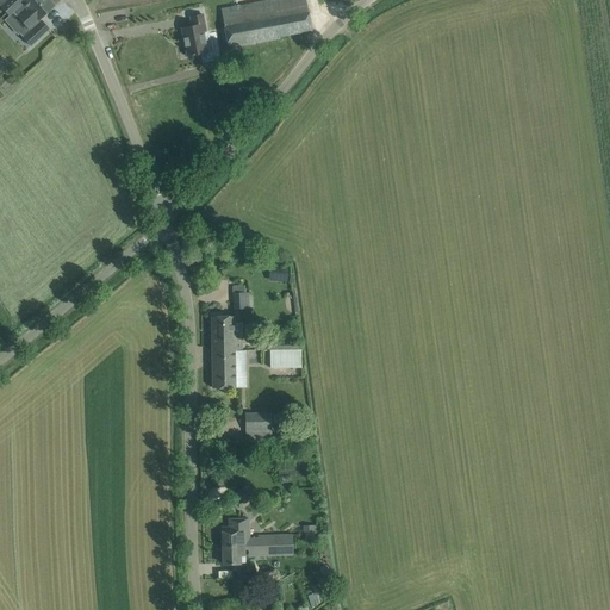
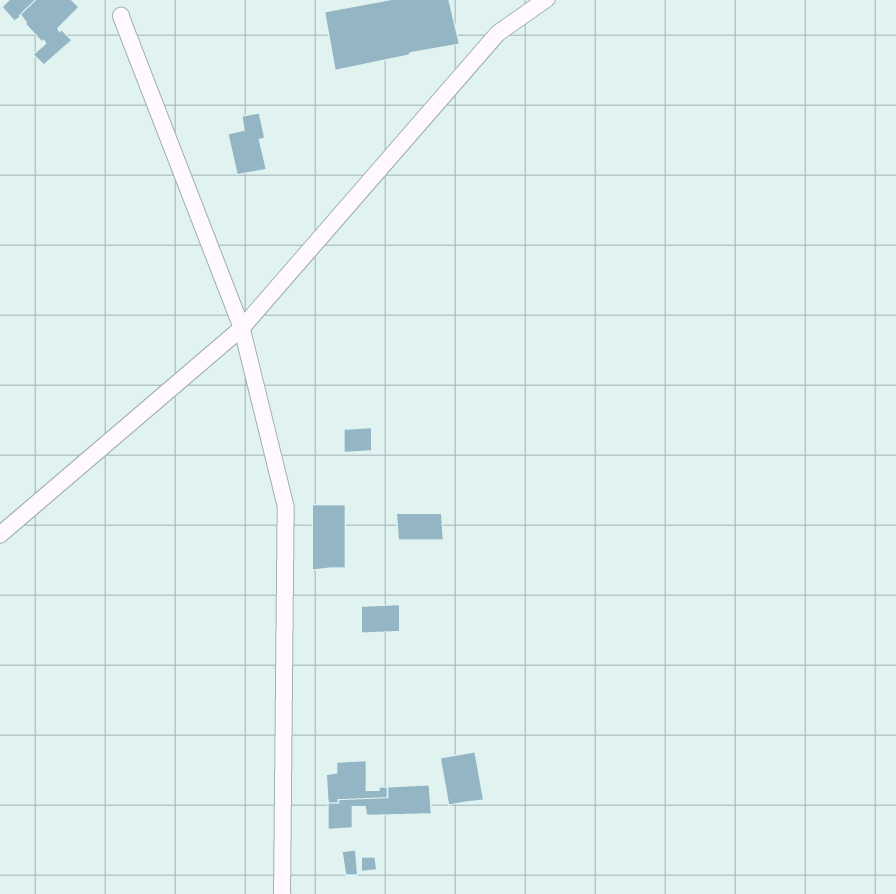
building: [181,13,207,55] -> [228,113,267,174]
building: [211,315,242,349] -> none
building: none -> [440,752,484,805]

